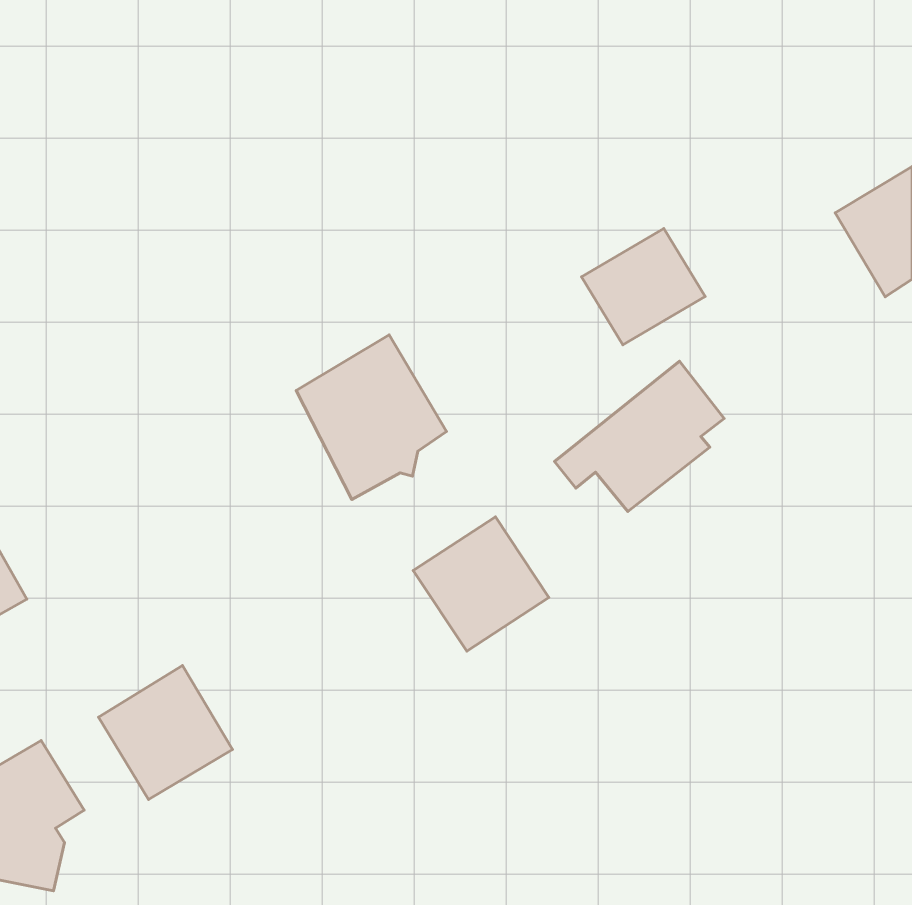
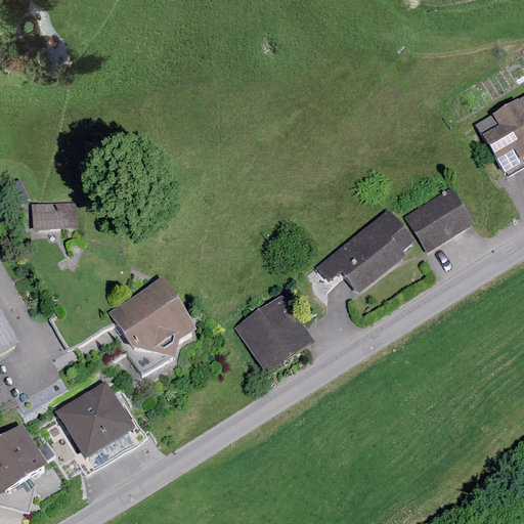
building: [582,229,705,345] -> [404,188,475,255]
building: [296,335,447,500] -> [111,276,196,370]
building: none -> [33,201,78,228]

